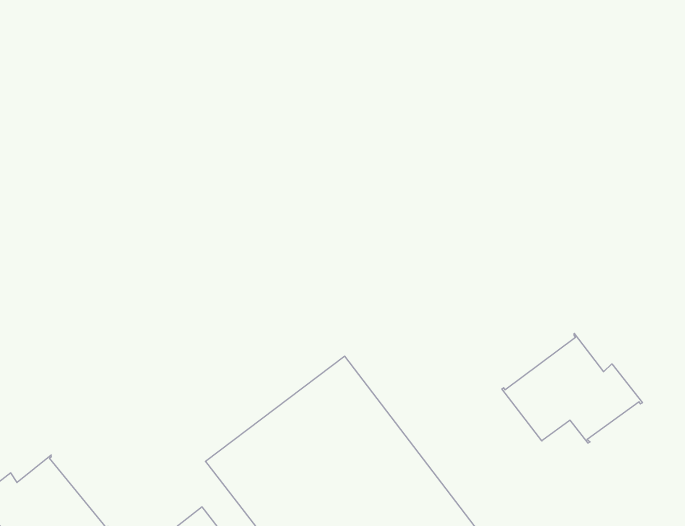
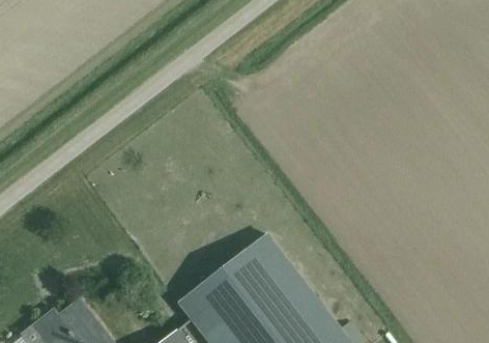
building: [502,333,642,443] -> none

